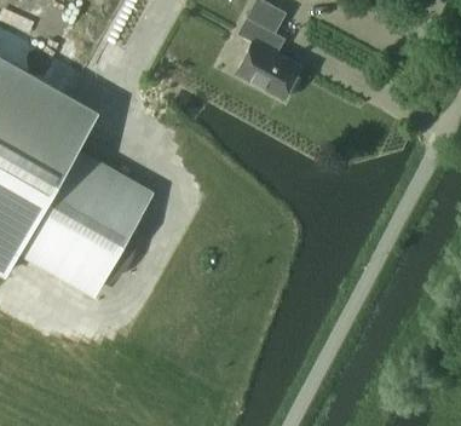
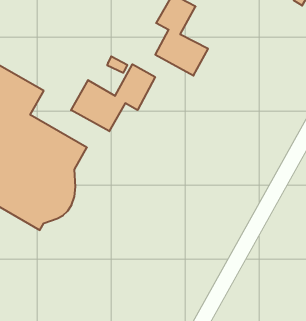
building: none -> [71,64,155,131]

